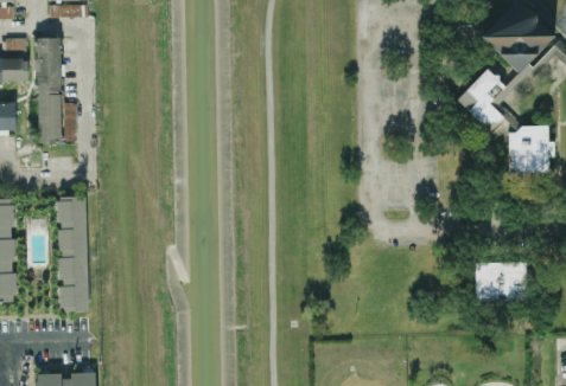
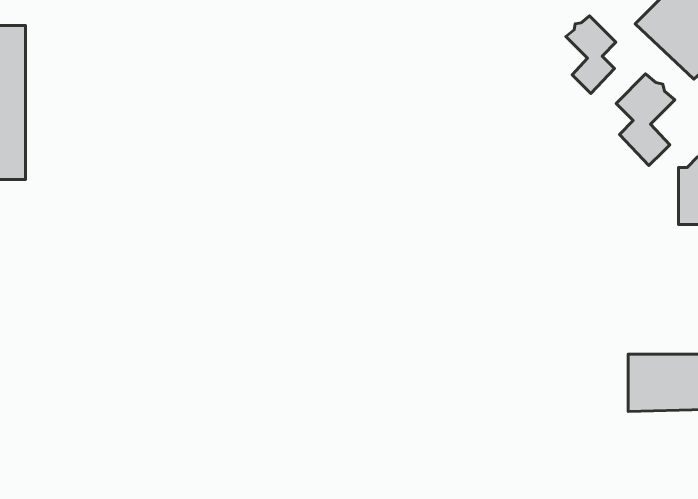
building: none -> [566,16,616,94]
building: [56,197,88,311] -> none

